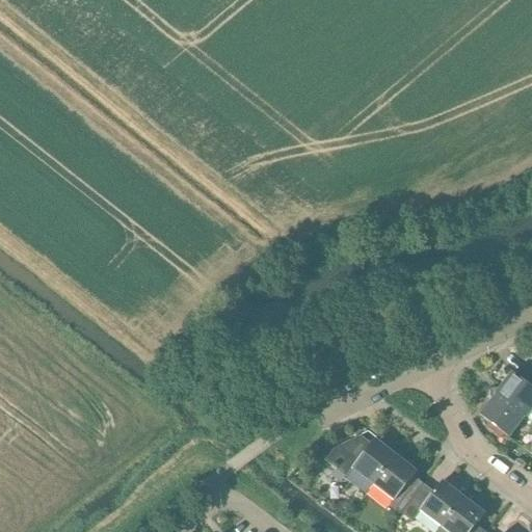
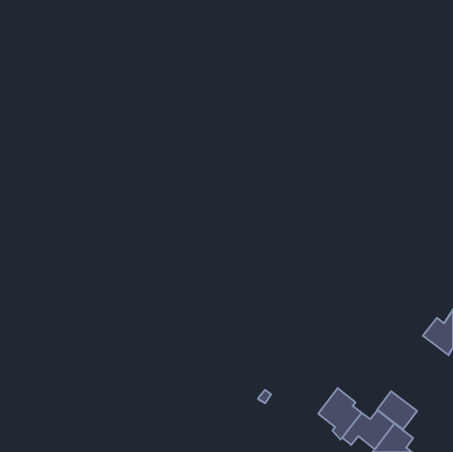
building: [479,393,526,437] -> [377,391,417,429]
building: [325,434,396,484] -> none

